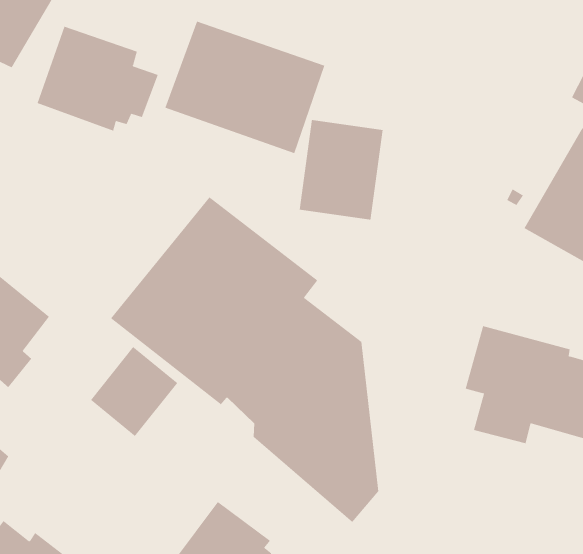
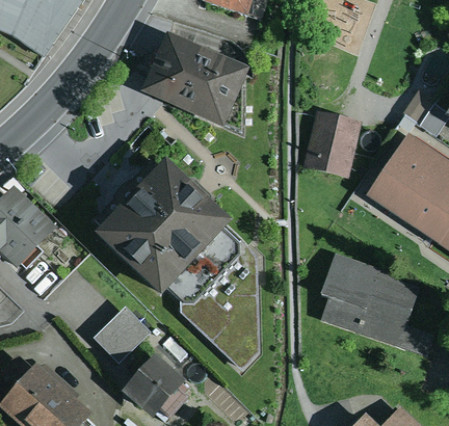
building: [37,26,159,131] -> none
building: [299,119,383,220] -> [302,110,361,178]
building: [90,346,178,437] -> [91,305,149,364]

